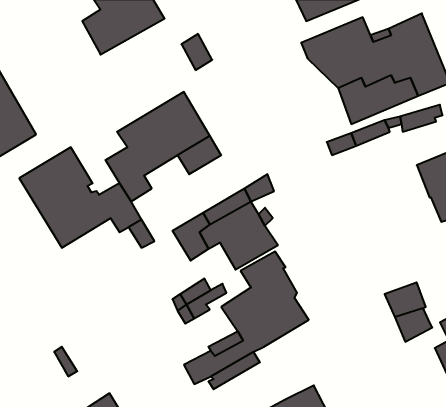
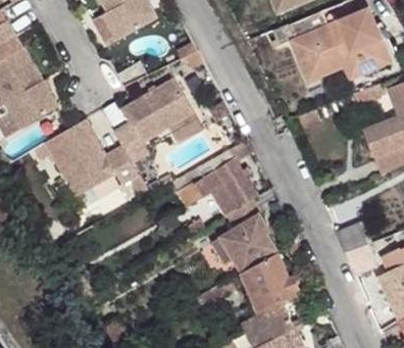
building: none -> [240,254,294,317]

